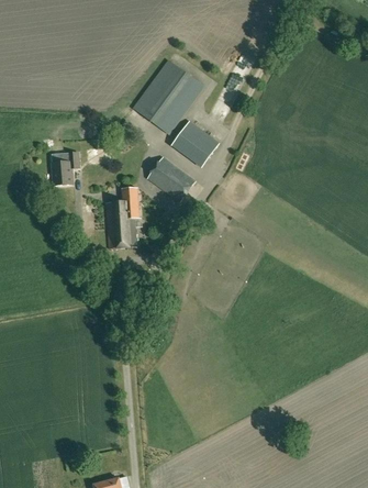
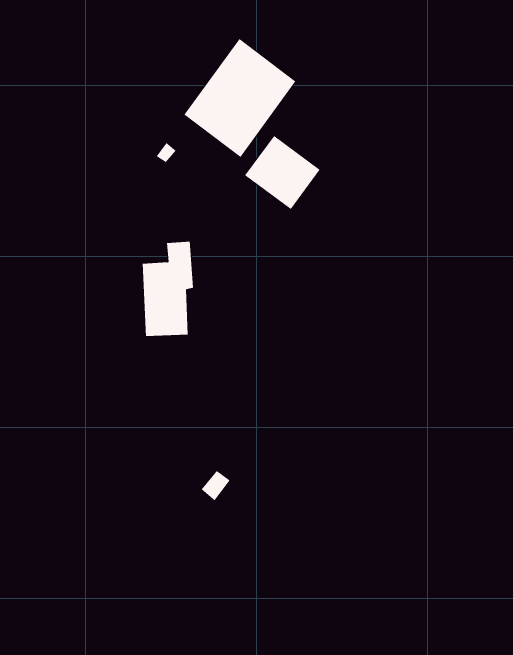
building: [53,152,79,185] -> none
building: [147,156,197,201] -> none

